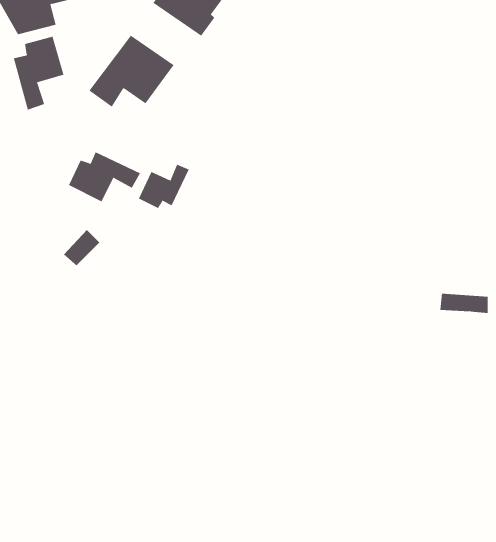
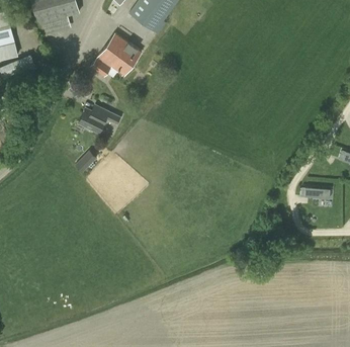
building: [13,36,64,110] -> none
building: [138,164,190,209] -> none

